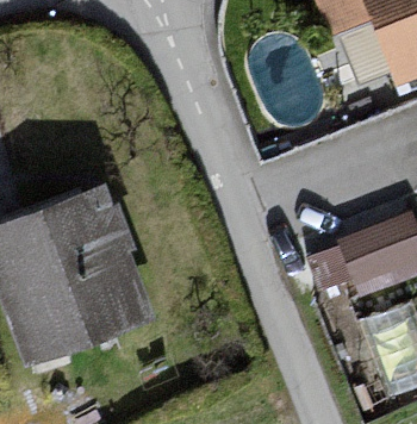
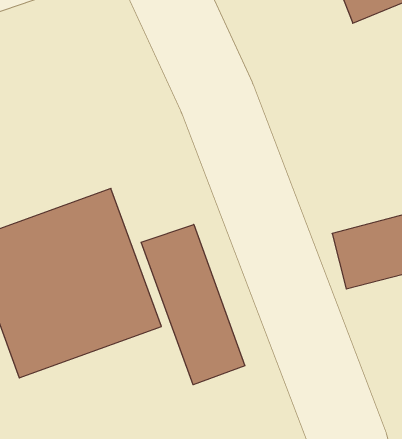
building: none -> [141,224,245,385]

